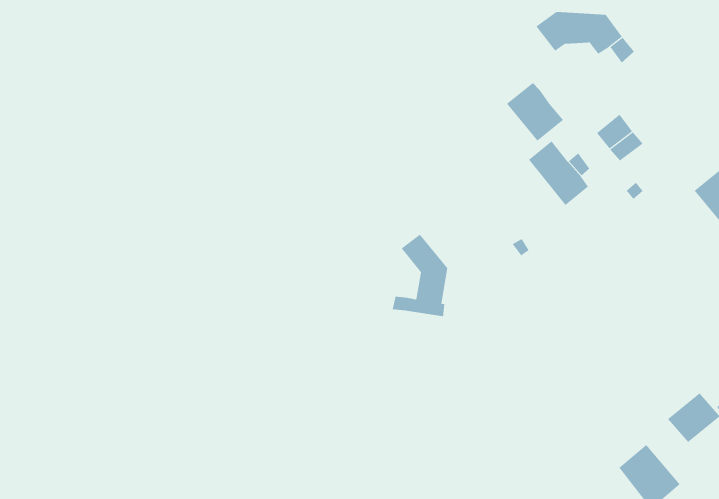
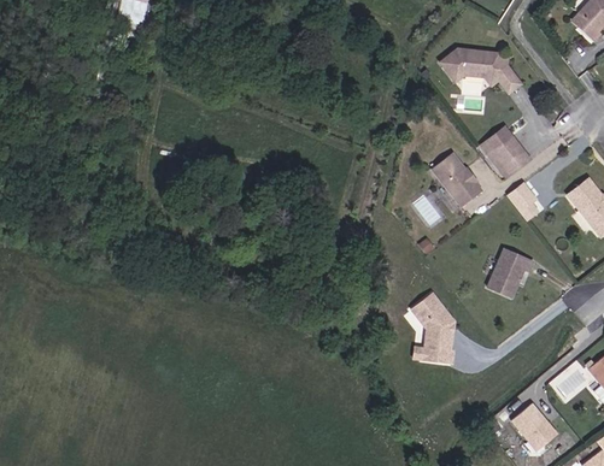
building: [506,82,564,141] -> none
building: [392,234,448,317] -> [409,295,455,362]
building: none -> [486,244,532,295]

